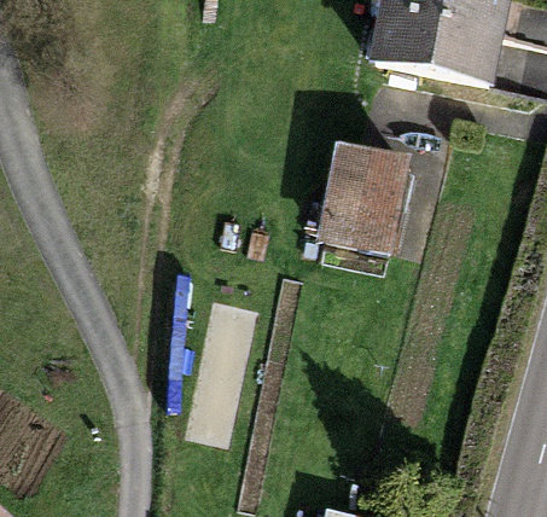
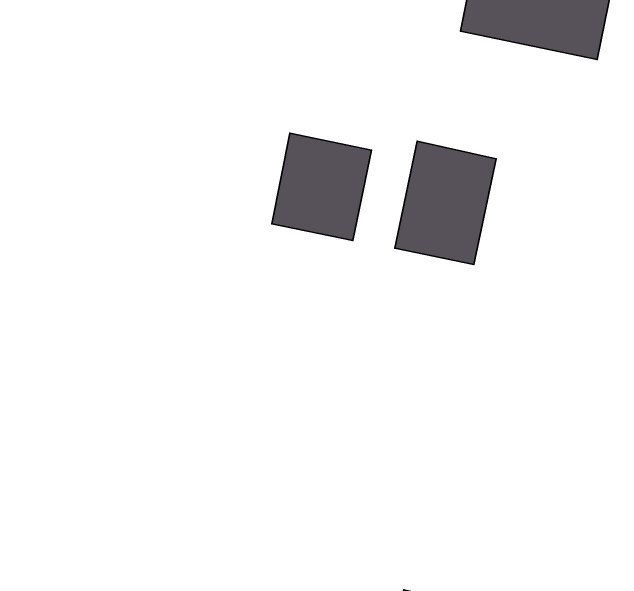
building: none -> [272,133,372,240]

